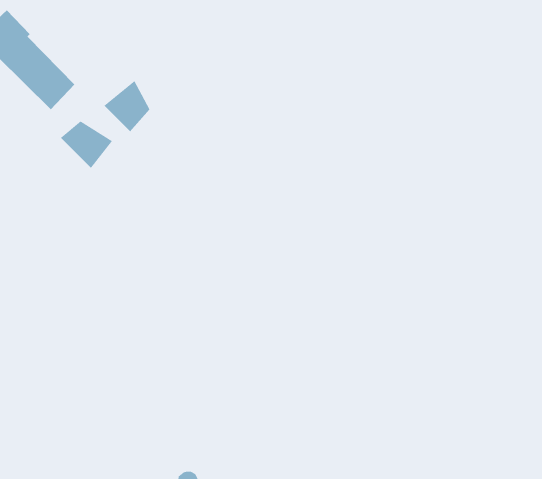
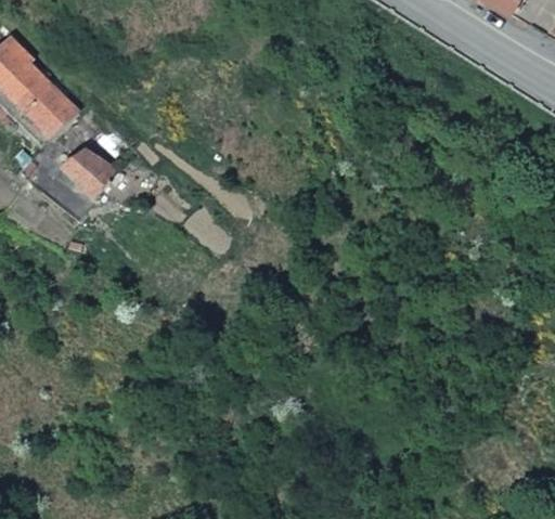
building: [103,80,150,132] -> none

